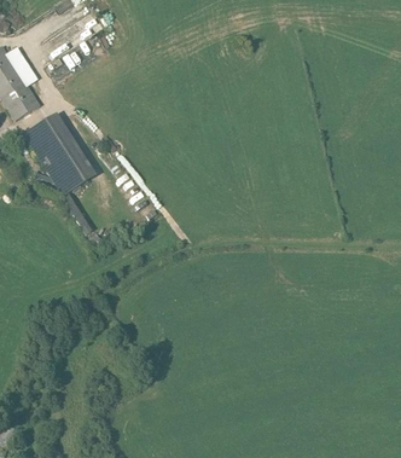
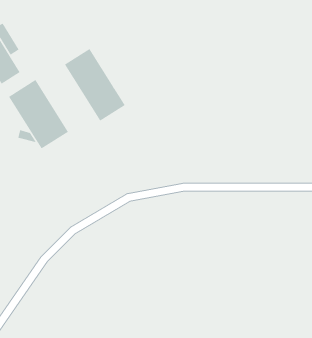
building: none -> [64,48,125,121]

